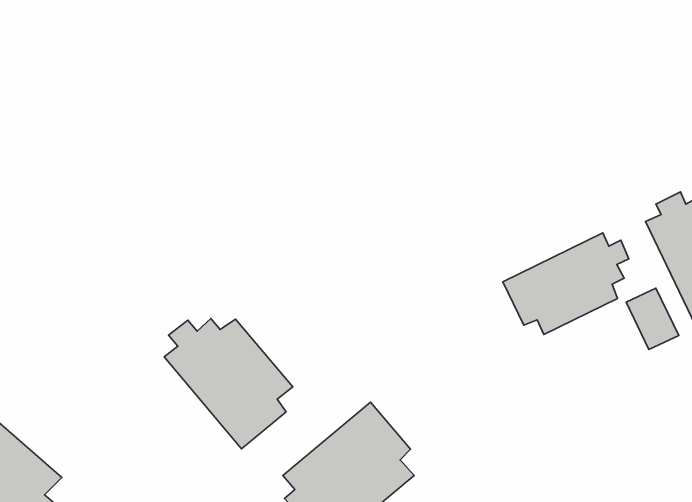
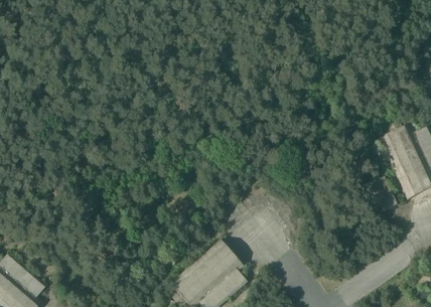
building: [503,233,629,335] -> none
building: [164,319,293,449] -> none

